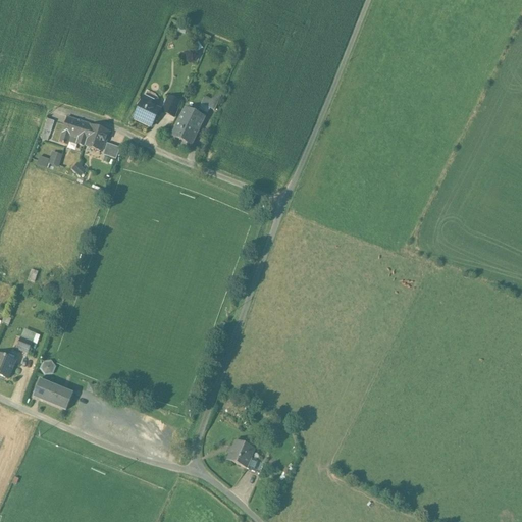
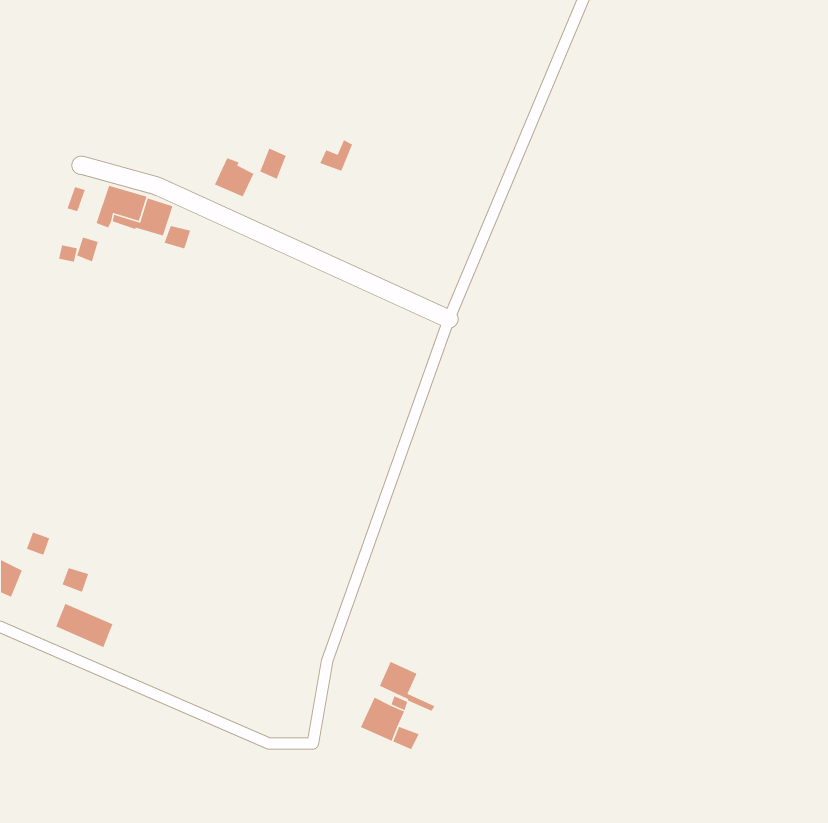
building: [172,105,204,142] -> none
building: none -> [379,661,436,712]

